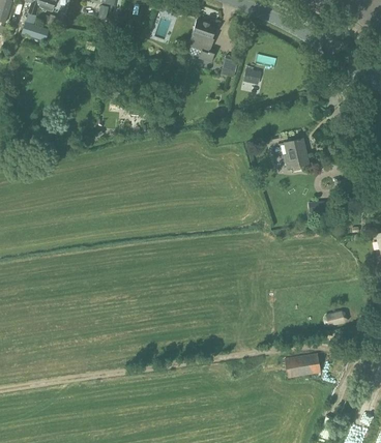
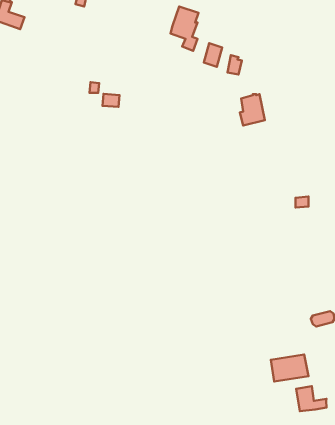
building: [284,138,307,168] -> [240,94,265,125]
building: none -> [296,386,327,411]

